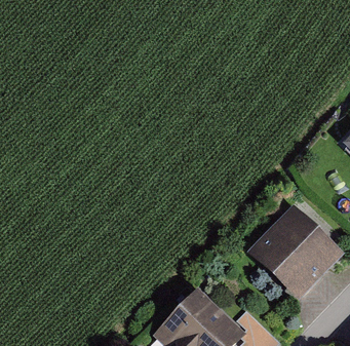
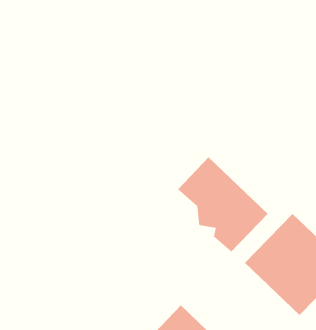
building: none -> [177,156,268,252]

